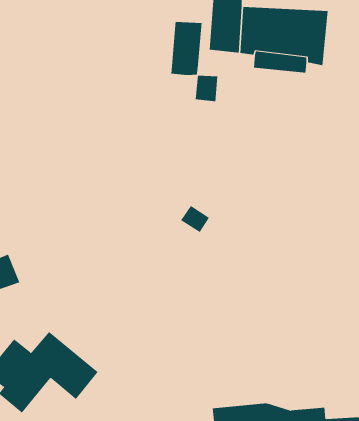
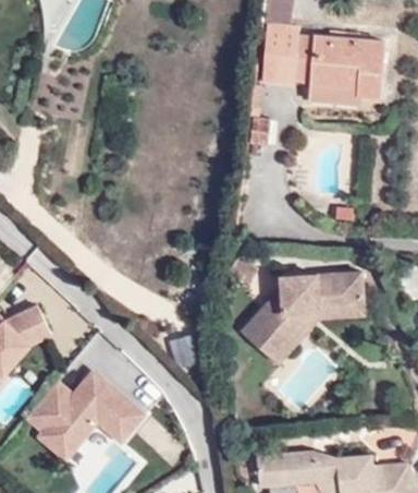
building: [171,21,202,76] -> none
building: none -> [246,268,370,363]

